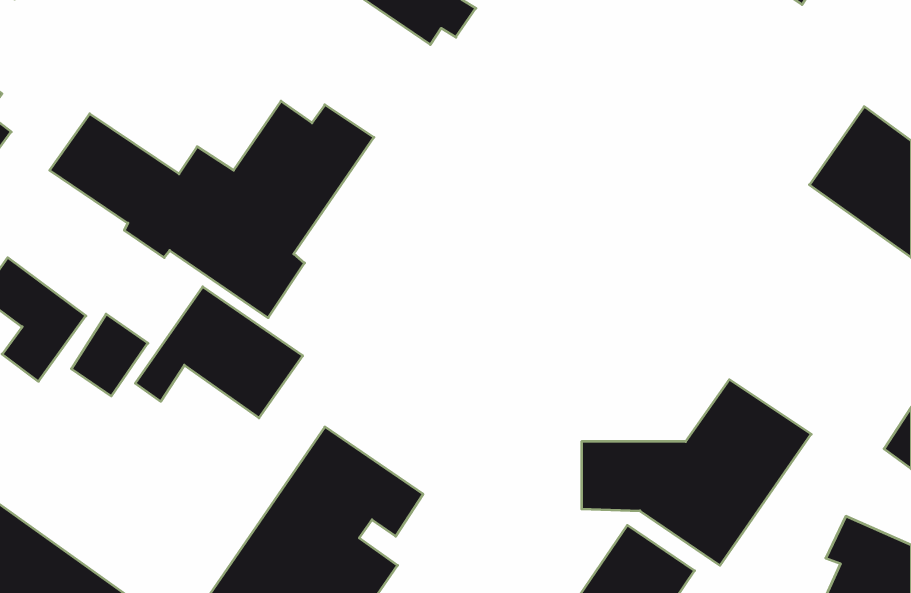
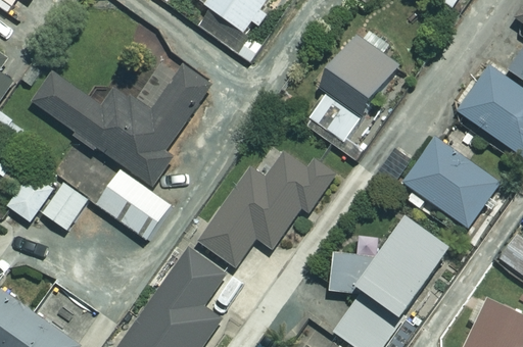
building: none -> [302,27,402,155]
building: none -> [402,123,503,225]
building: none -> [196,149,336,265]

